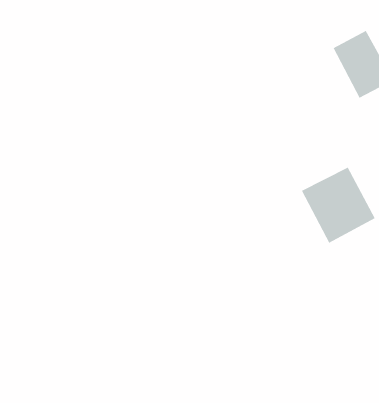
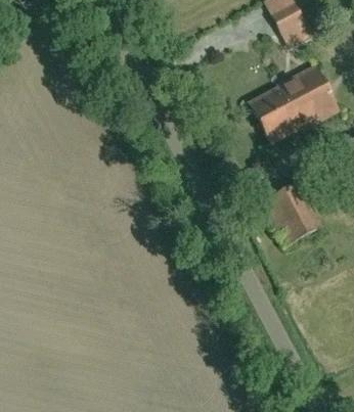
building: none -> [250,81,309,142]

